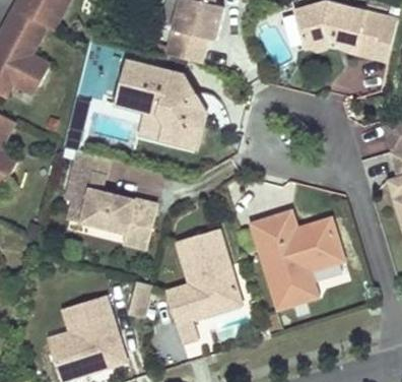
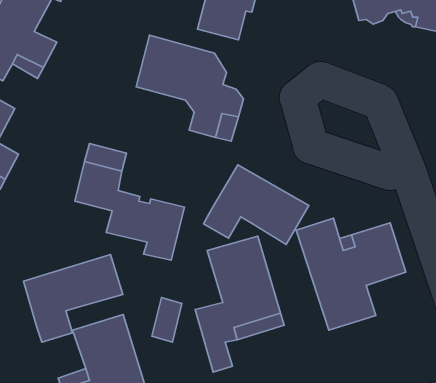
building: none -> [204,165,309,244]
building: none -> [24,254,123,342]

